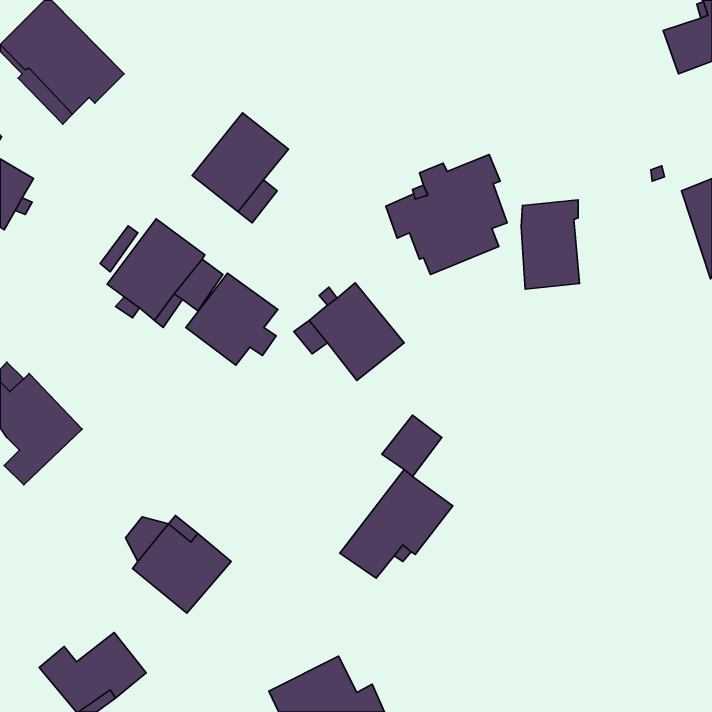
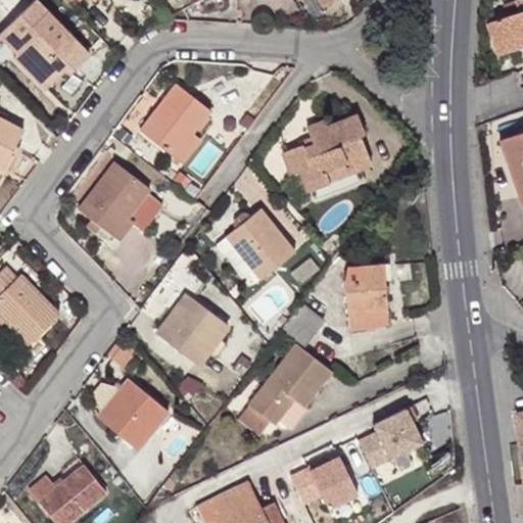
building: [521,200,580,289] -> [346,264,389,329]
building: [186,273,278,365] -> [159,296,227,364]
building: none -> [352,403,426,466]
building: none -> [289,448,361,506]

